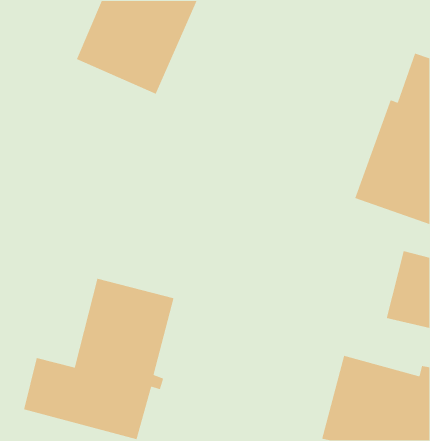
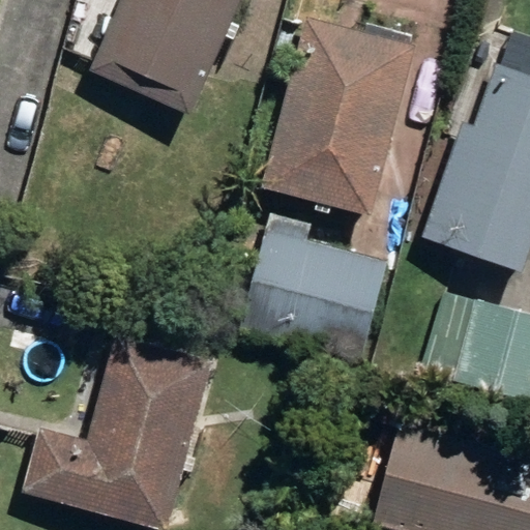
building: none -> [264,17,413,212]
building: none -> [245,211,389,358]

